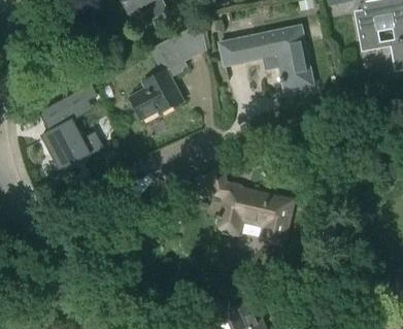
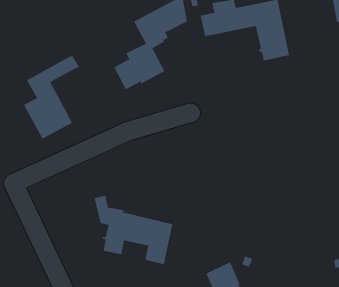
building: [210,171,293,243] -> [94,195,173,265]

